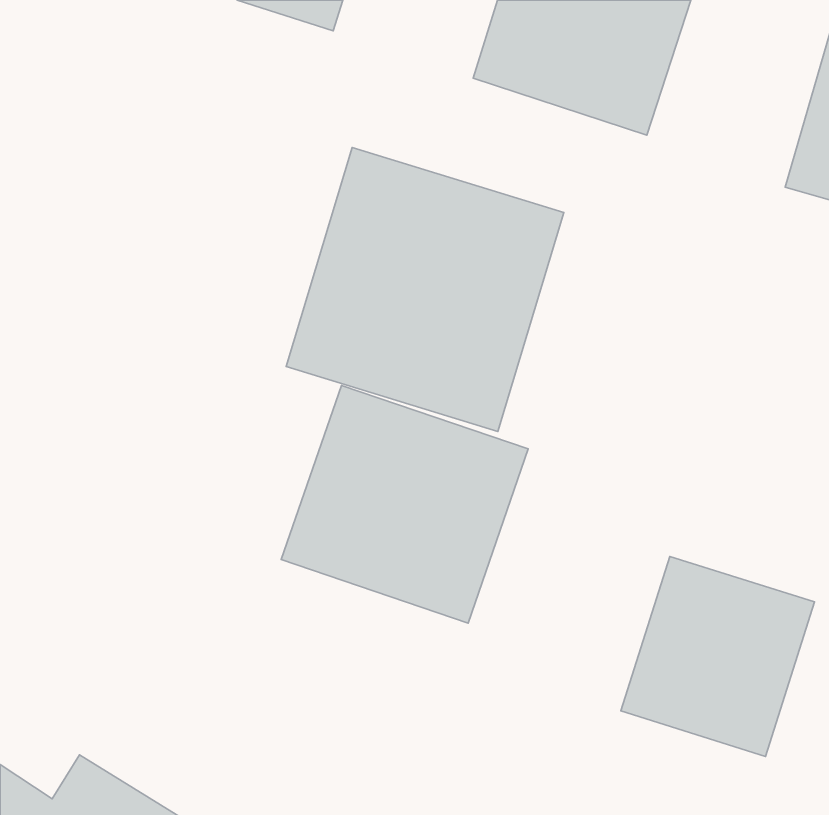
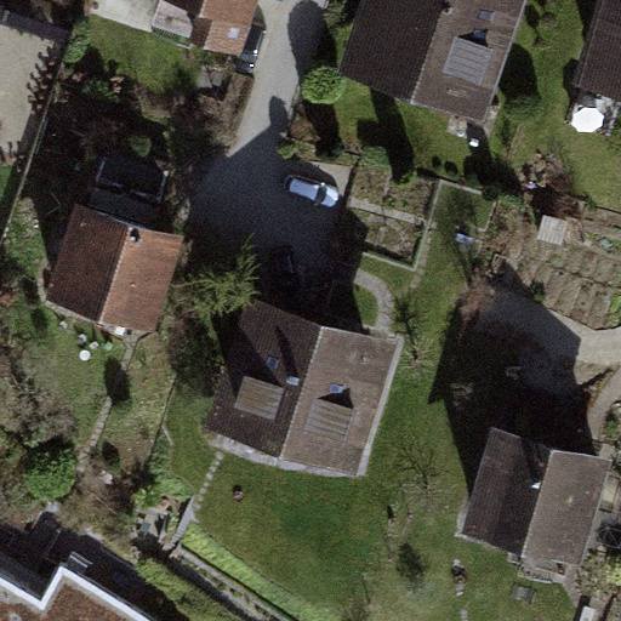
building: [286,147,564,432] -> none
building: none -> [53,198,176,335]

